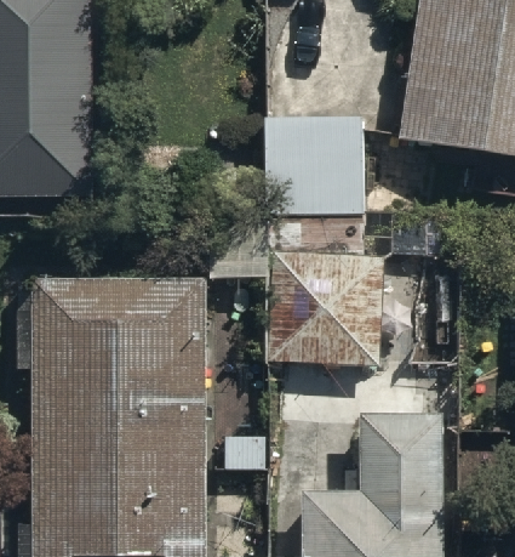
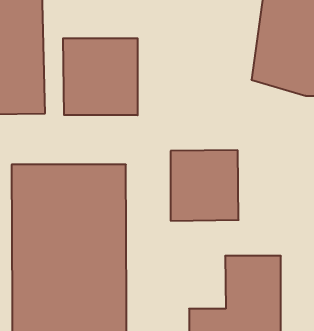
building: none -> [63,38,138,115]
building: [263,118,365,212] -> none

